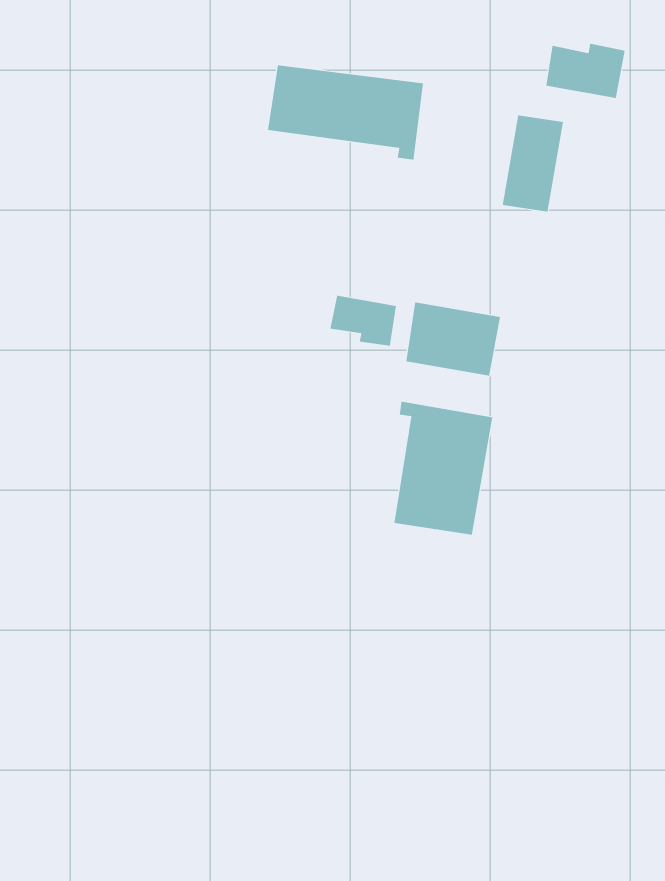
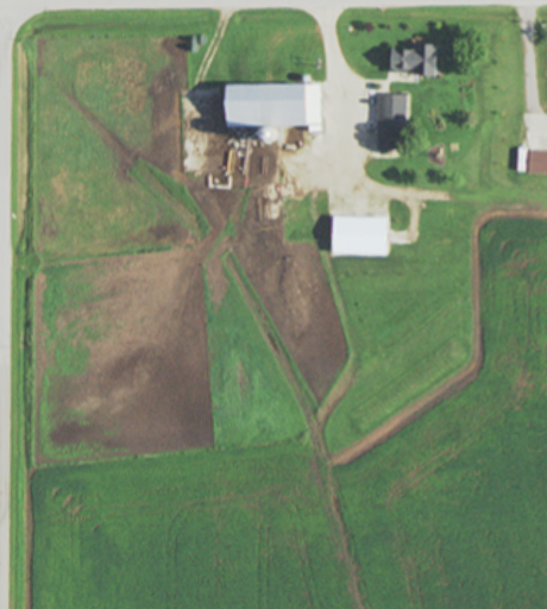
building: [330,295,397,347] -> none
building: [394,401,493,536] -> none

